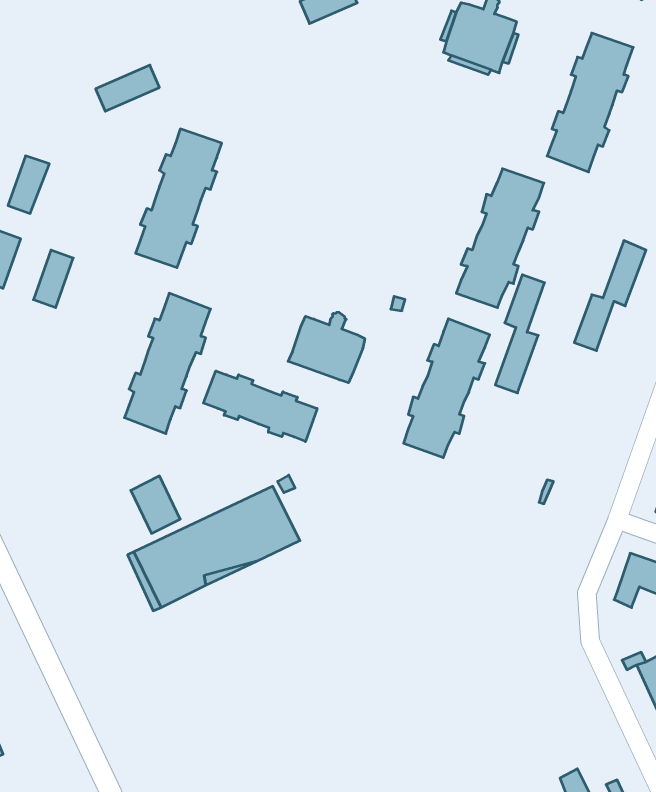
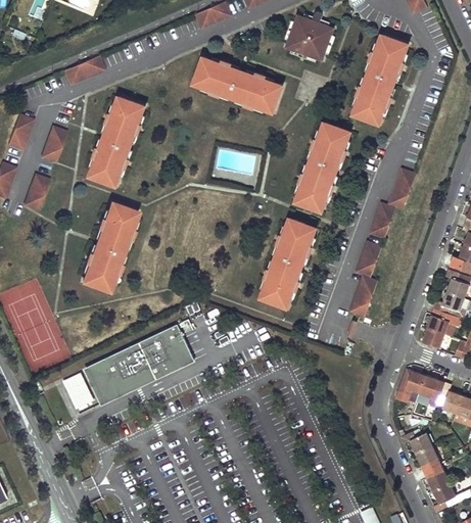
building: none -> [193,57,282,112]
building: none -> [41,127,67,163]
building: [495,275,545,393] -> [349,242,381,318]
building: [288,312,365,383] -> none
building: [203,371,317,442] -> none
building: [131,476,180,533] -> [62,374,94,411]

